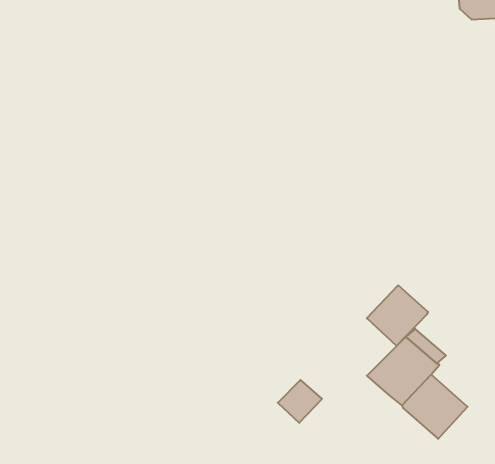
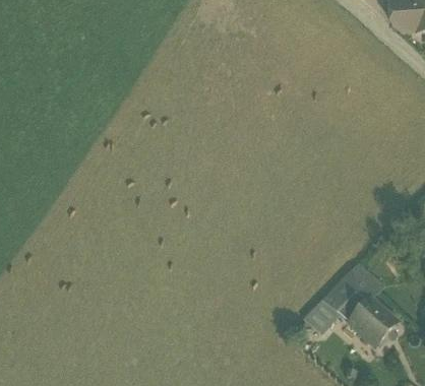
building: [367,285,428,346] -> none
building: [278,380,322,423] -> [305,299,339,331]

